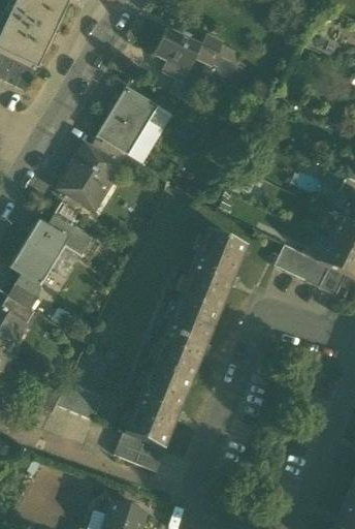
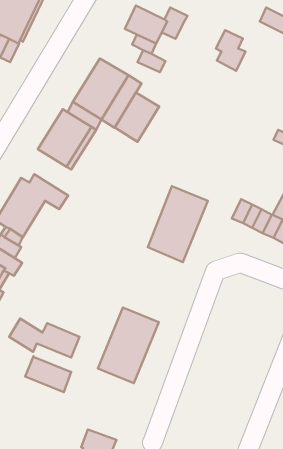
building: [211,43,244,89] -> [216,30,246,71]
building: none -> [115,92,159,142]
building: [152,297,219,380] -> none
building: [114,431,165,471] -> [25,356,71,392]

